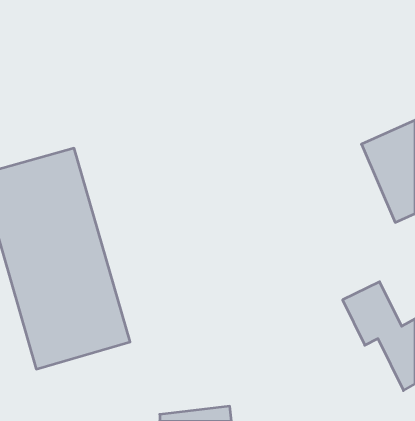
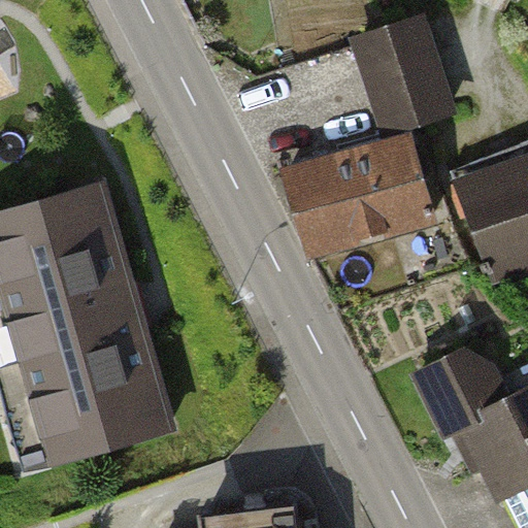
building: none -> [365,22,456,127]
building: none -> [300,144,433,248]

